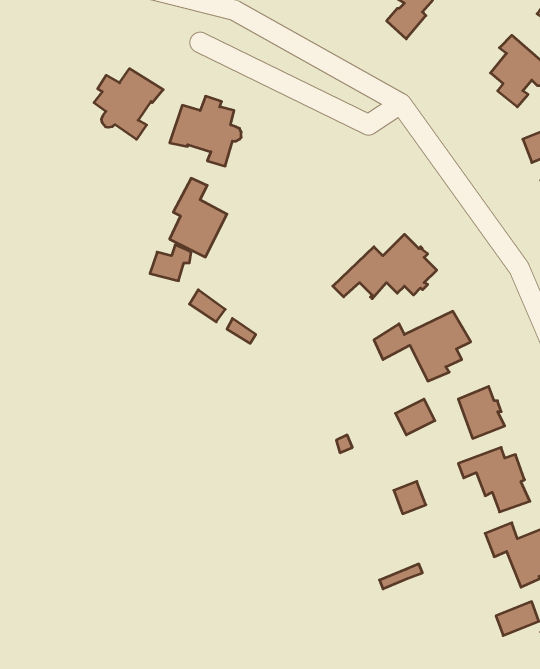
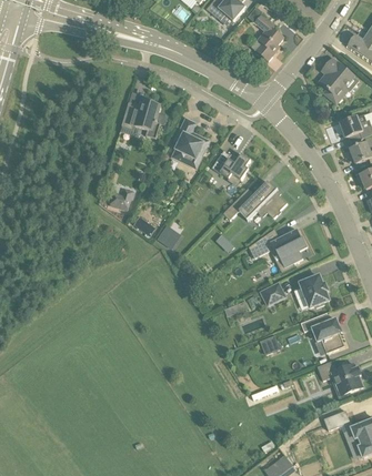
building: [94,69,163,139] -> none
building: [170,178,227,257] -> [172,118,208,166]
building: none -> [211,149,250,179]

